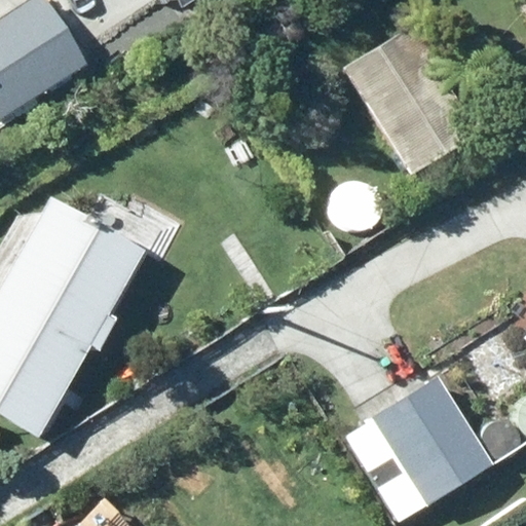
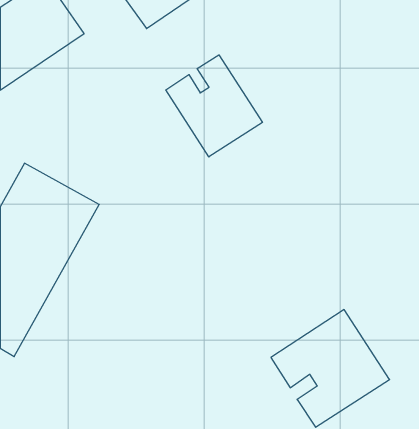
building: [342,29,471,173] -> none
building: none -> [166,55,262,157]

